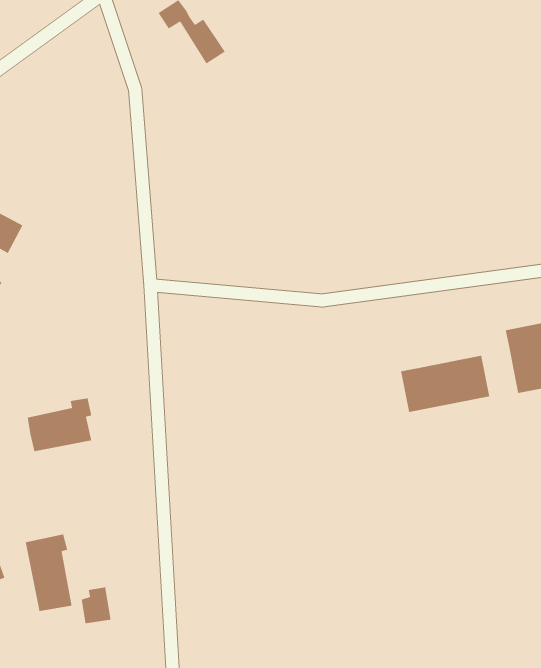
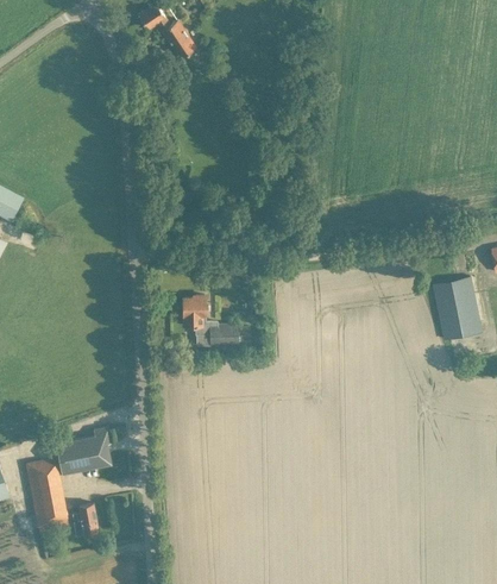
building: none -> [183,296,238,346]
building: [400,355,490,413] -> none
building: [27,398,92,452] -> [56,428,112,475]

